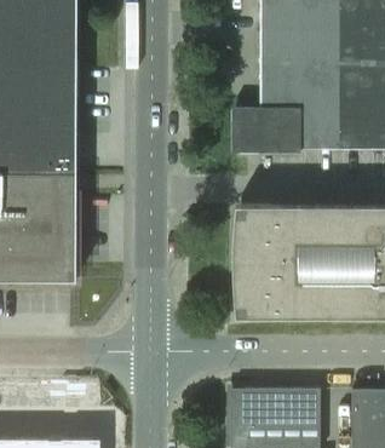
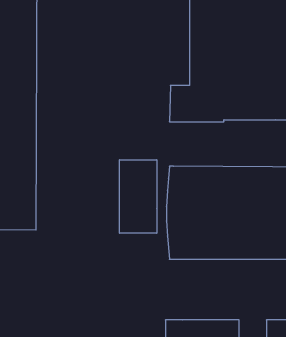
building: none -> [120,160,157,233]

